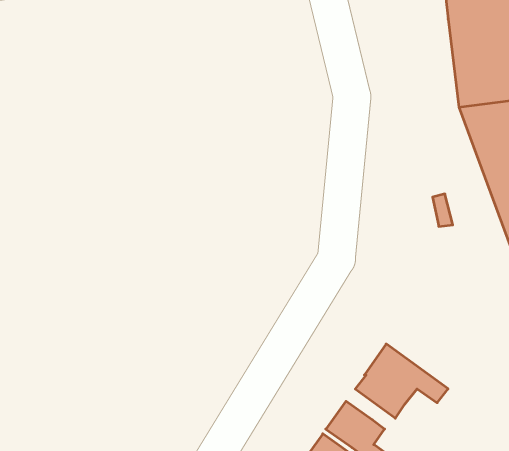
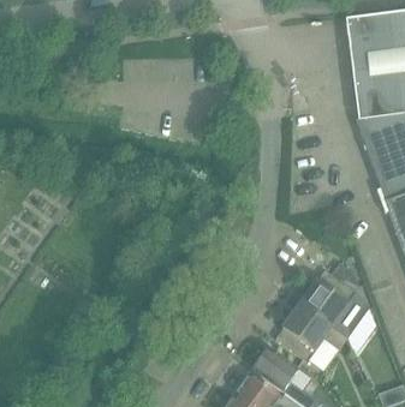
building: none -> [302,261,362,336]

